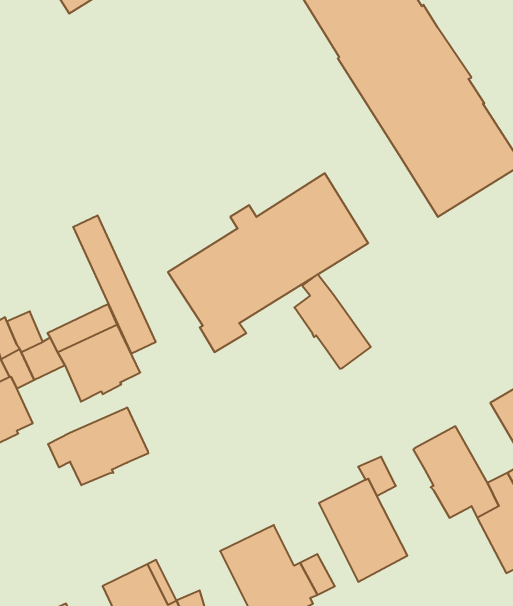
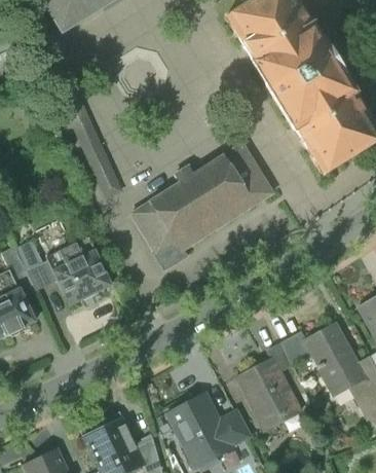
building: [73,215,156,353] -> [65,101,123,198]
building: [294,274,371,369] -> none
building: [48,407,148,485] -> none
building: none -> [281,333,312,365]

